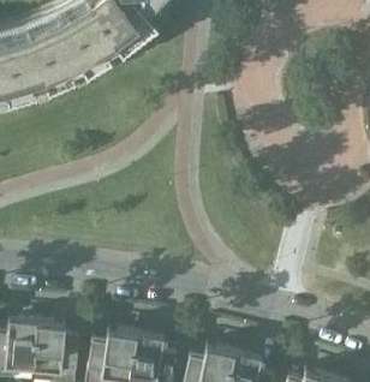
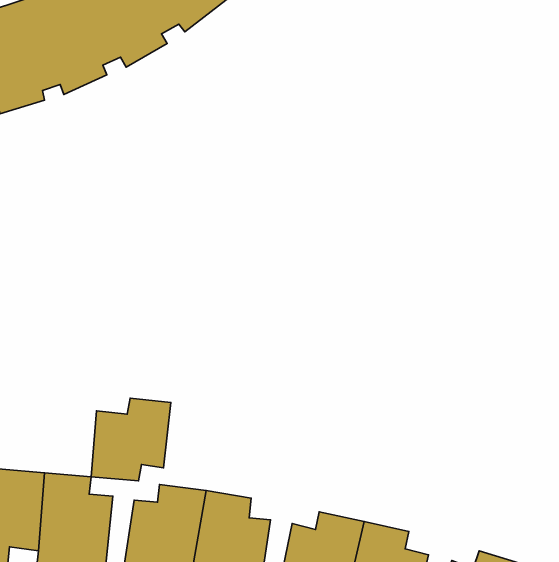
building: none -> [91,398,171,481]

